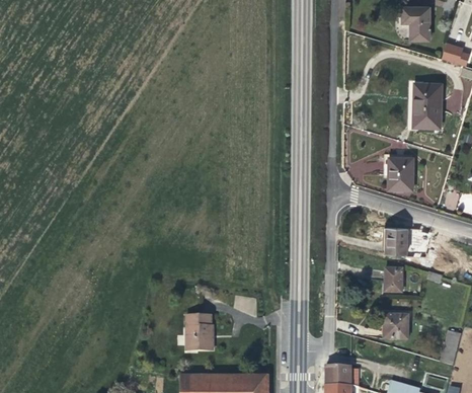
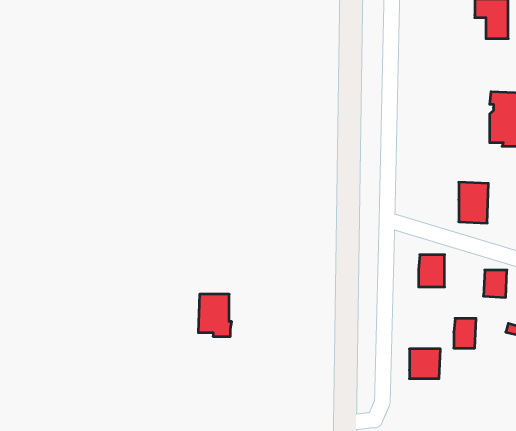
building: [385,228,406,254] -> [419,255,445,287]
building: [383,315,408,339] -> [409,349,440,379]
building: [185,316,213,350] -> [198,294,232,336]

